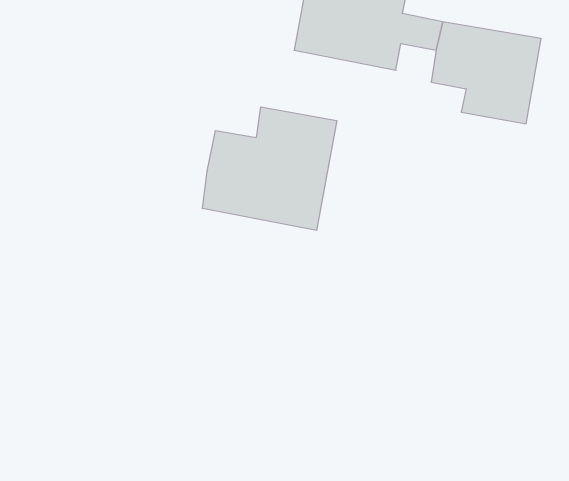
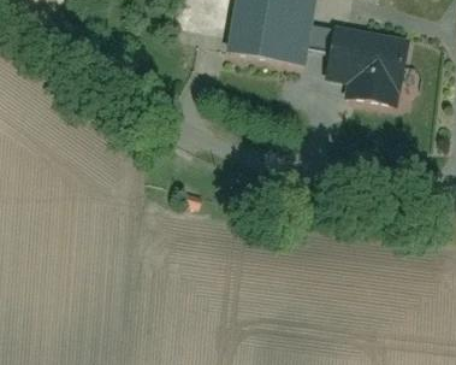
building: [202,107,337,230] -> none

